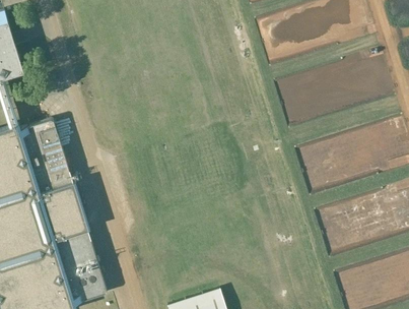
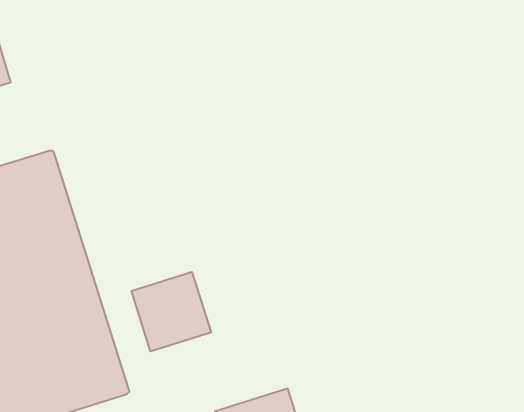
building: none -> [131,272,211,351]

